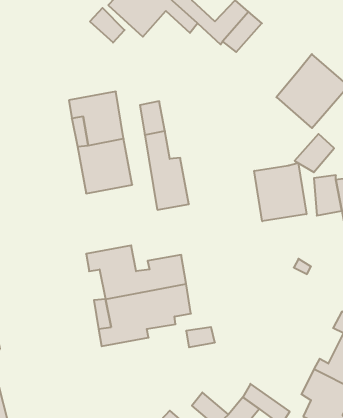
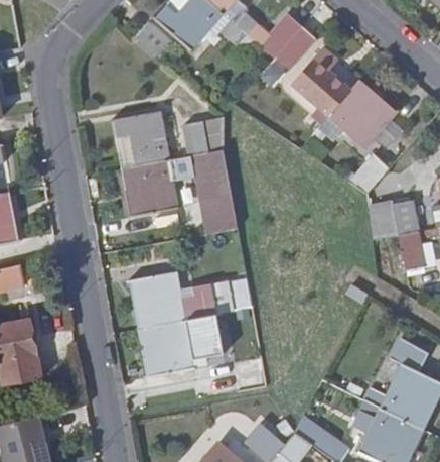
building: none -> [292,46,354,116]
building: [254,163,306,221] -> none

